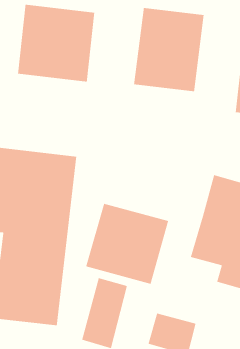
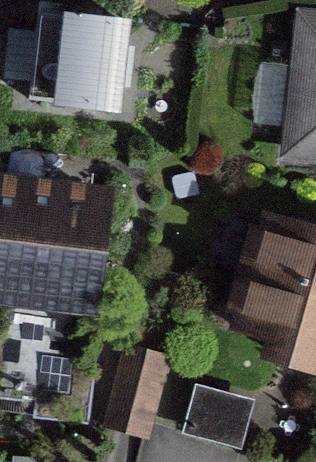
building: [133,7,205,92] -> none
building: [85,203,169,285] -> none

